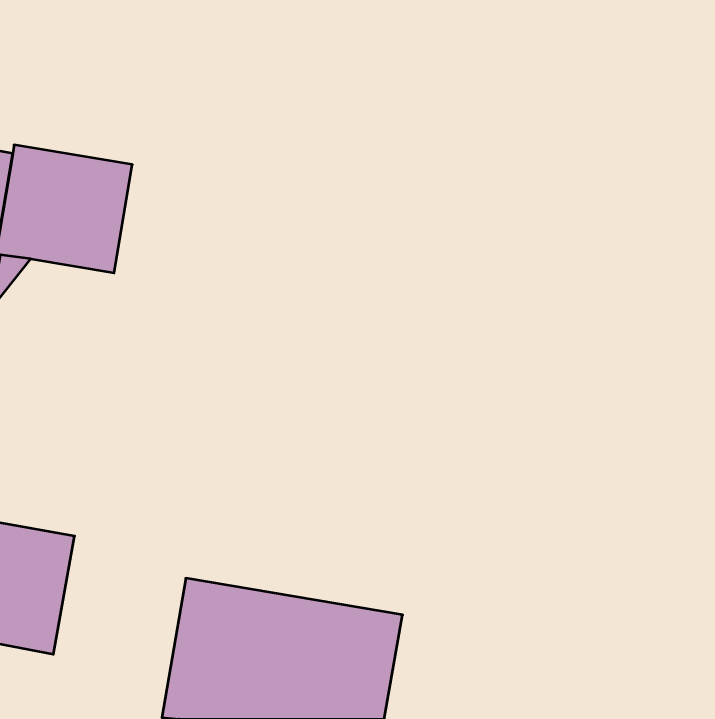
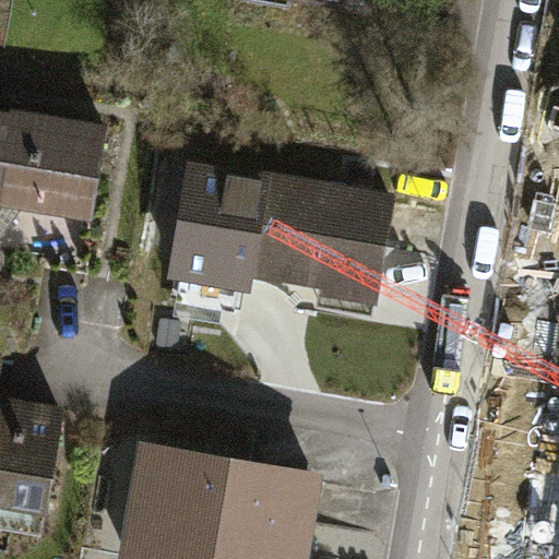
building: none -> [176,173,388,285]

